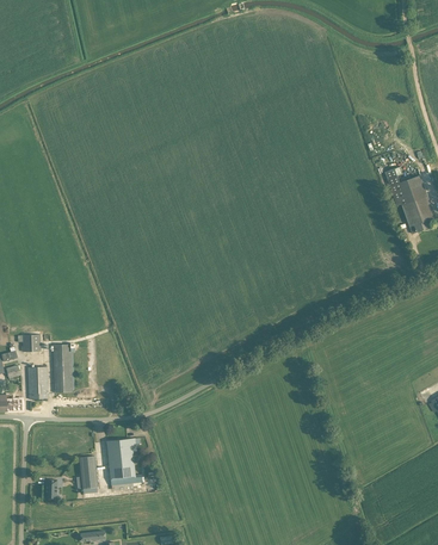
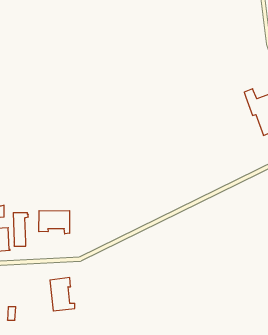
building: none -> [39,211,70,234]
building: [76,456,98,489] -> none

